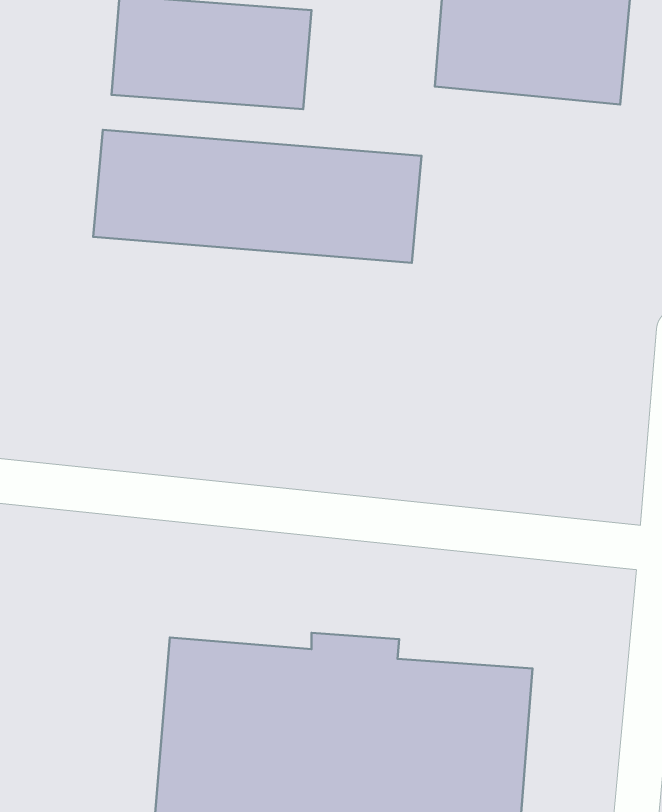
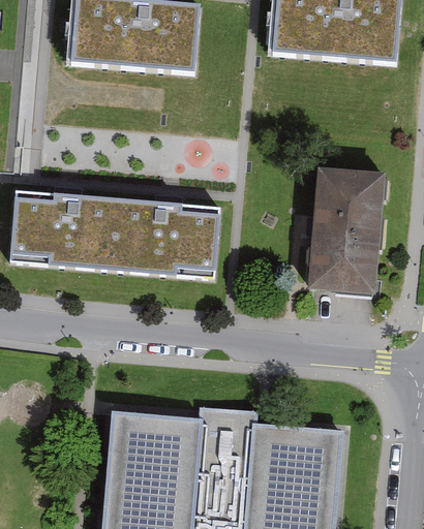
building: [93,130,422,263] -> [9,192,218,277]
building: none -> [310,169,386,300]

